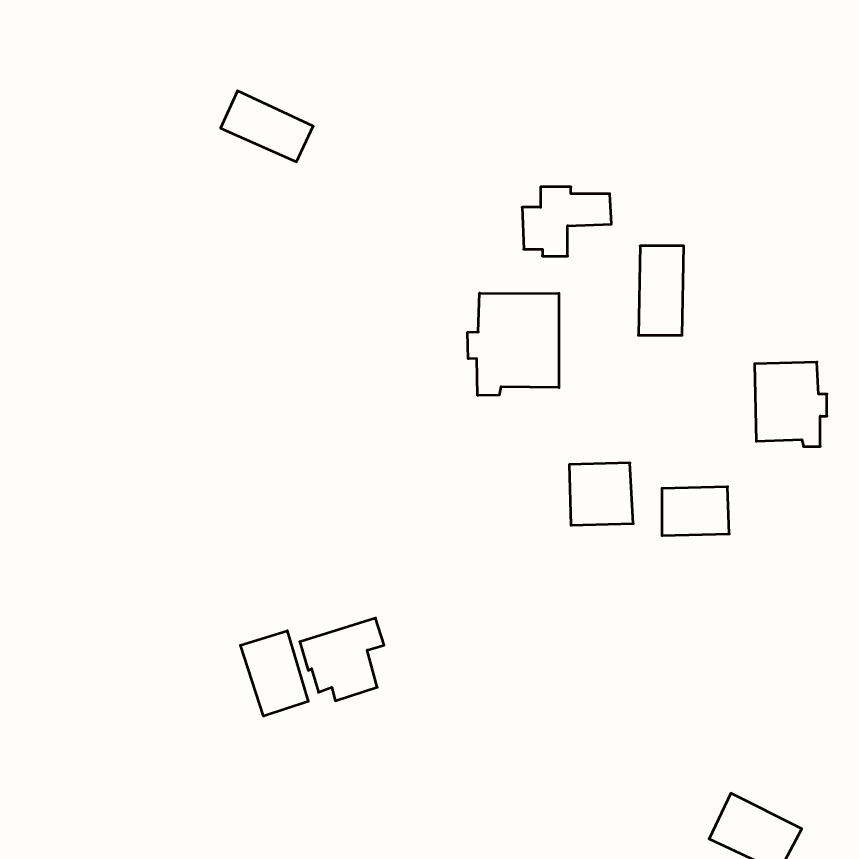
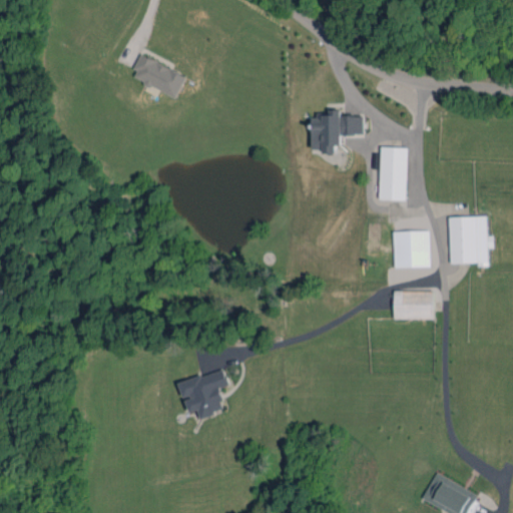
building: [468,293,559,395] -> none
building: [569,463,633,525] -> [393,230,431,268]
building: [240,631,308,716] -> none

